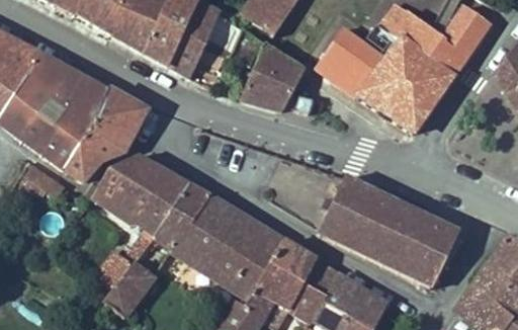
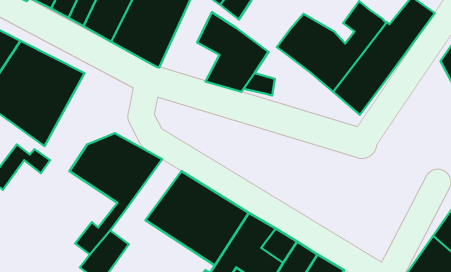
building: [64,89,147,181] -> none
building: [315,176,453,288] -> none
building: [154,183,213,250] -> none

